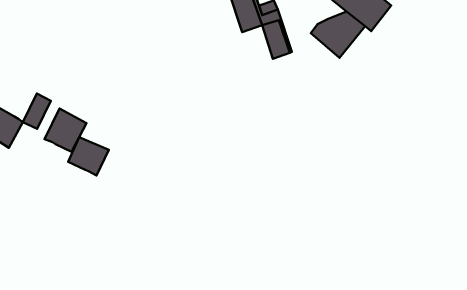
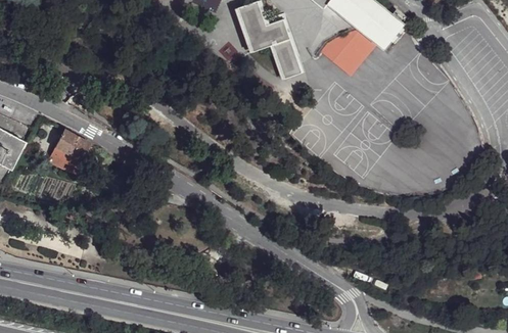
building: [23,94,51,129] -> none
building: [68,137,109,176] -> none

